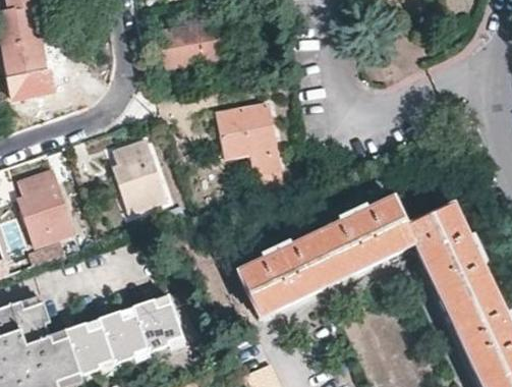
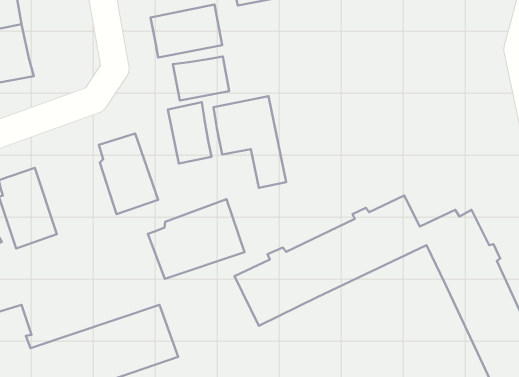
building: none -> [173,57,229,101]
building: none -> [168,102,211,163]
building: none -> [148,199,244,279]

